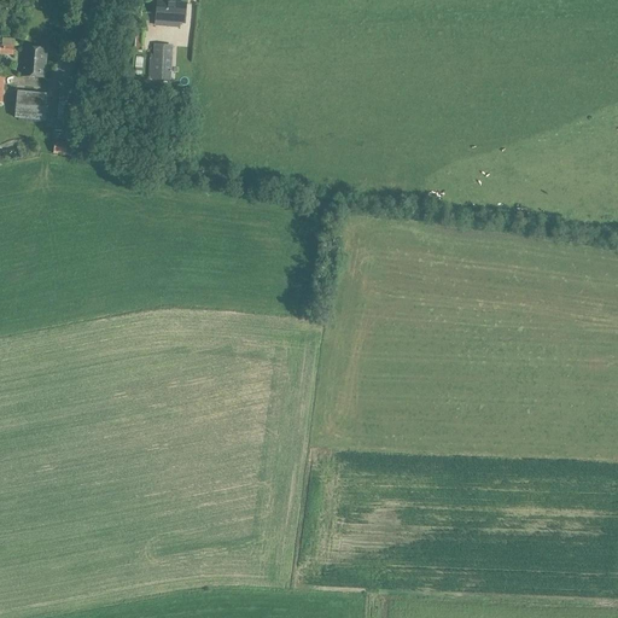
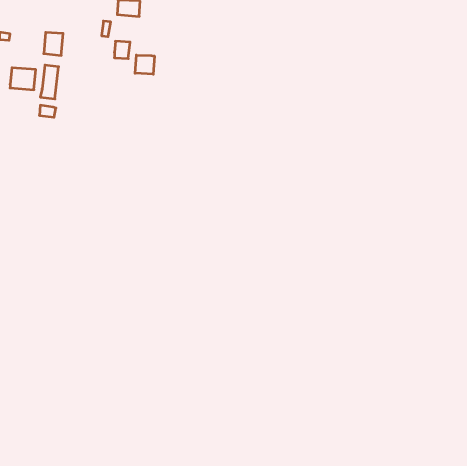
building: [21,46,46,76] -> [44,32,63,55]
building: none -> [135,55,154,74]

